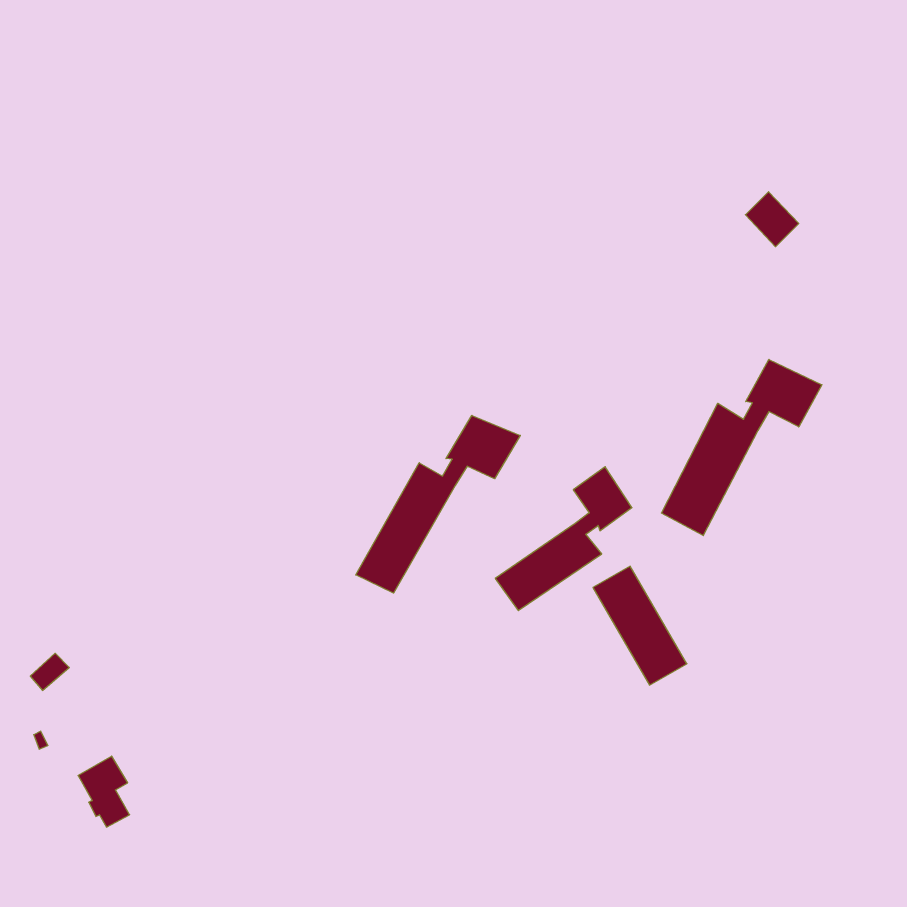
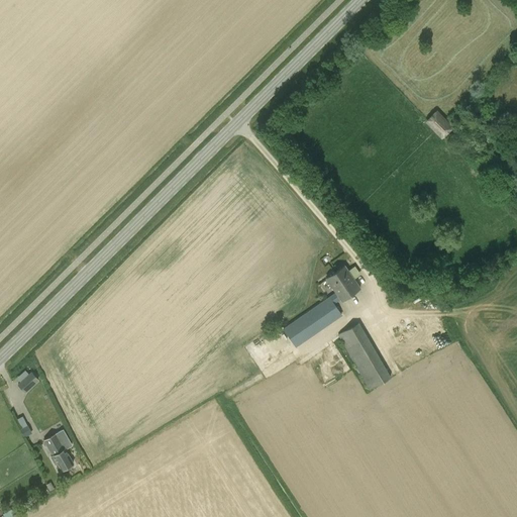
building: [661,359,822,536] -> none
building: [356,415,520,593] -> none

